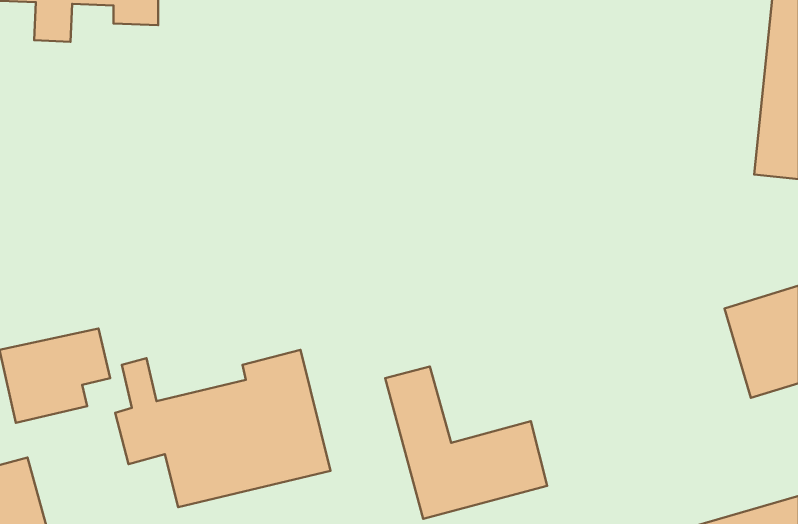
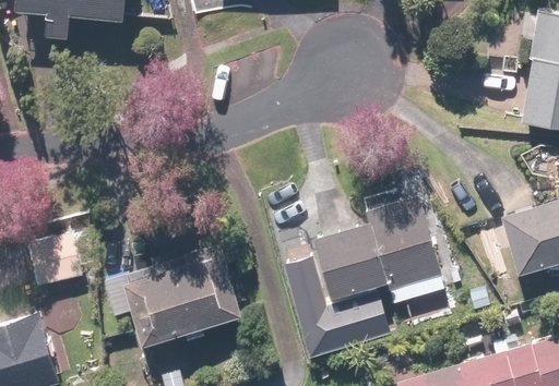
building: none -> [312,194,441,307]

